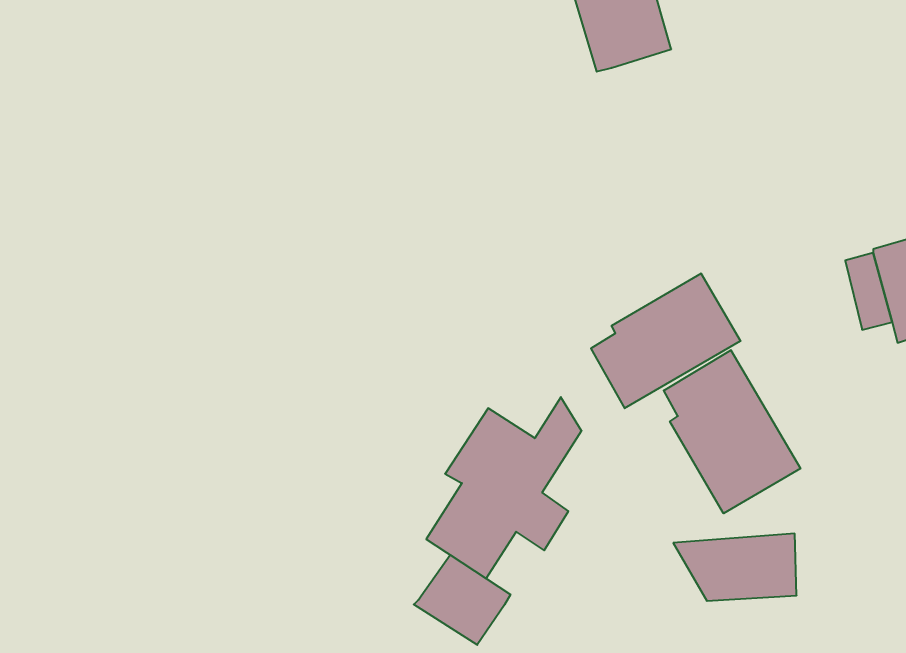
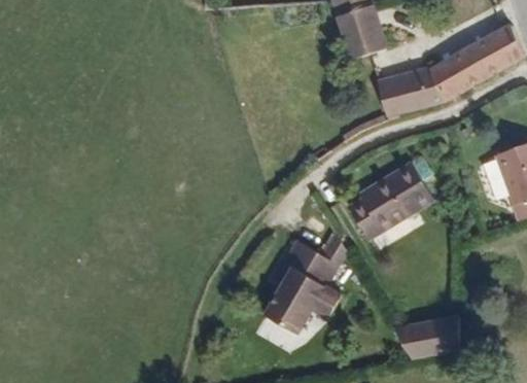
building: none -> [372,26,517,115]
building: [664,350,800,513] -> none
building: [414,555,510,645] -> none

